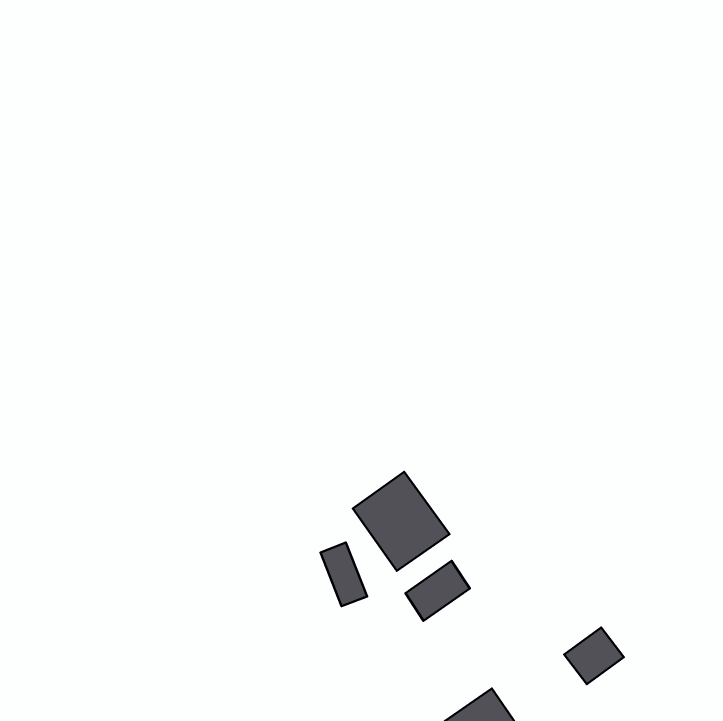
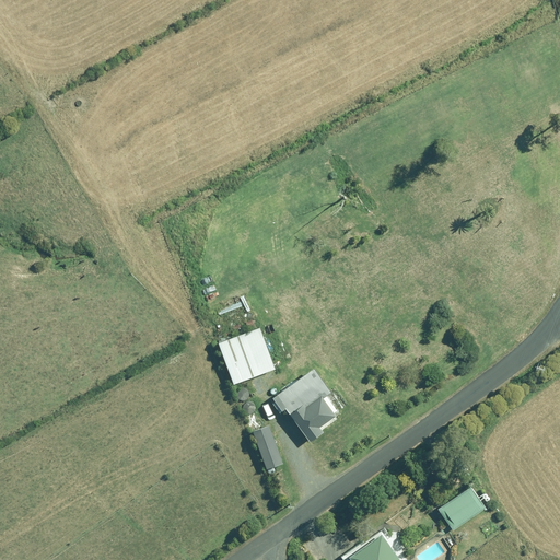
building: none -> [215,325,279,386]
building: [405,561,470,621] -> none

